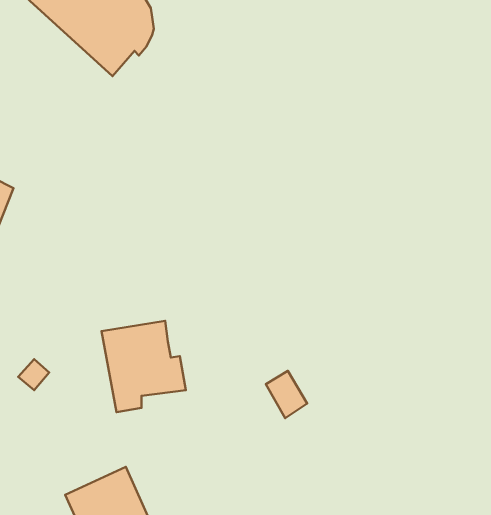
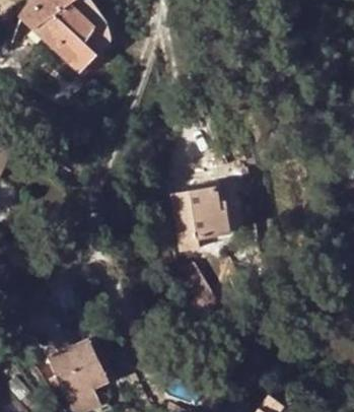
building: [102,321,186,412] -> [172,189,230,252]

